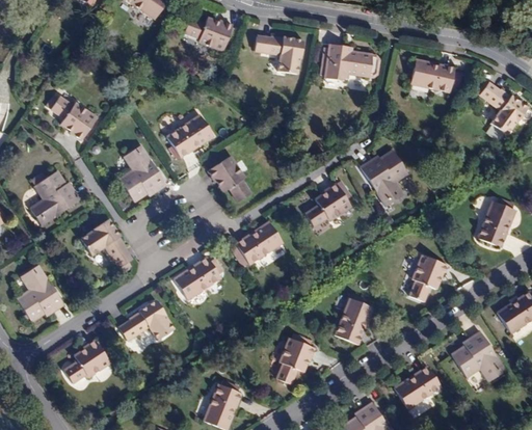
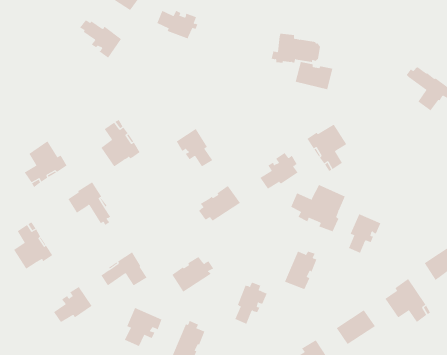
building: [254,35,302,74] -> none
building: [409,60,454,93] -> [295,61,333,90]
building: [46,96,96,141] -> [79,20,122,59]
building: [165,114,212,157] -> none
building: [476,198,514,248] -> none
building: none -> [290,184,346,232]
building: [174,258,223,300] -> [171,256,214,293]
building: none -> [124,307,162,347]

